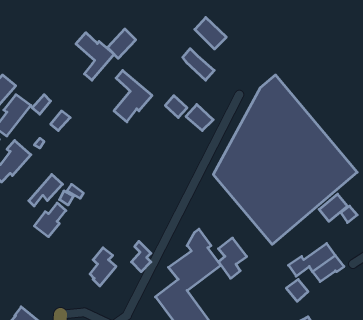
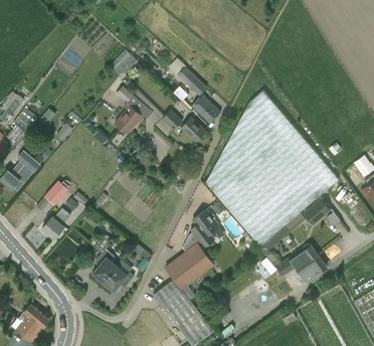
building: [195,17,226,49] -> [193,95,222,124]
building: [76,33,114,80] -> none
building: [218,238,247,278] -> [194,210,220,247]
building: none -> [103,267,135,291]

